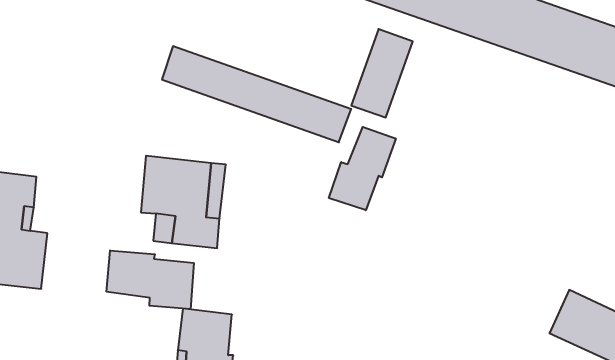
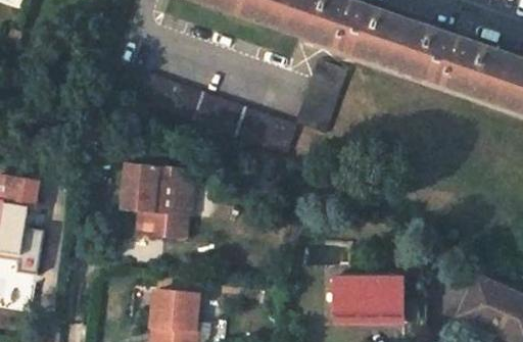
building: [329,127,396,210] -> none
building: [107,250,194,309] -> none
building: none -> [331,275,401,324]

